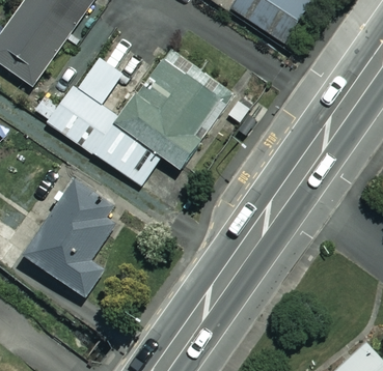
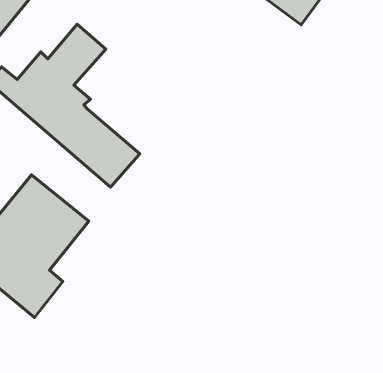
building: [115,48,232,170] -> none

